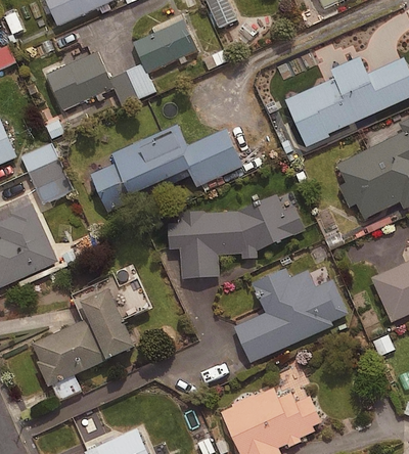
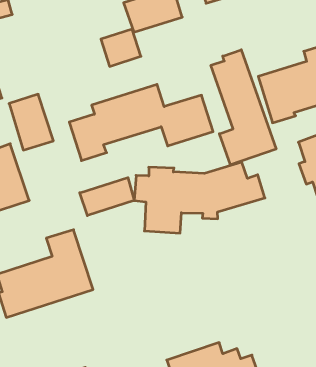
building: [47,50,112,107] -> none
building: none -> [211,50,276,165]
building: none -> [80,178,134,216]
building: [235,269,348,362] -> none

